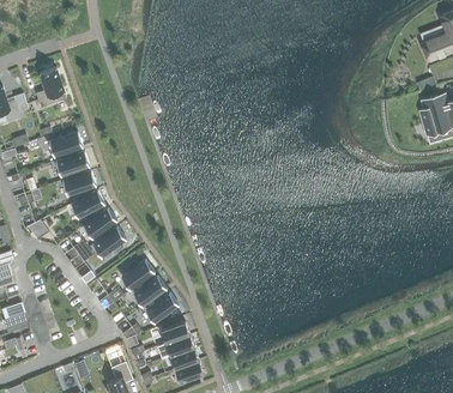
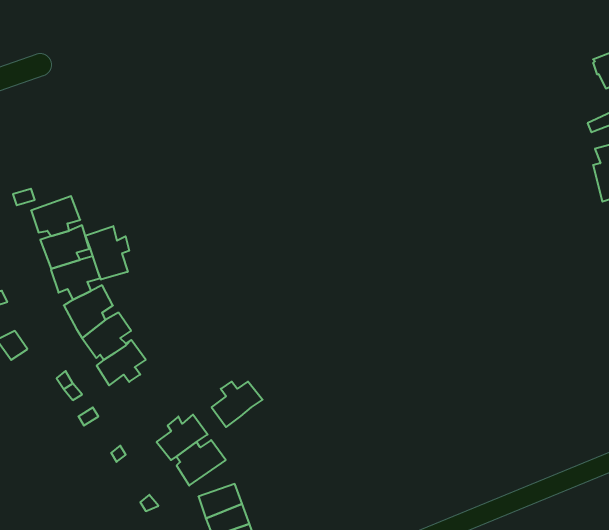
building: [35,67,66,108] -> none
building: none -> [85,226,129,280]
building: [120,260,153,290] -> [212,382,263,427]

